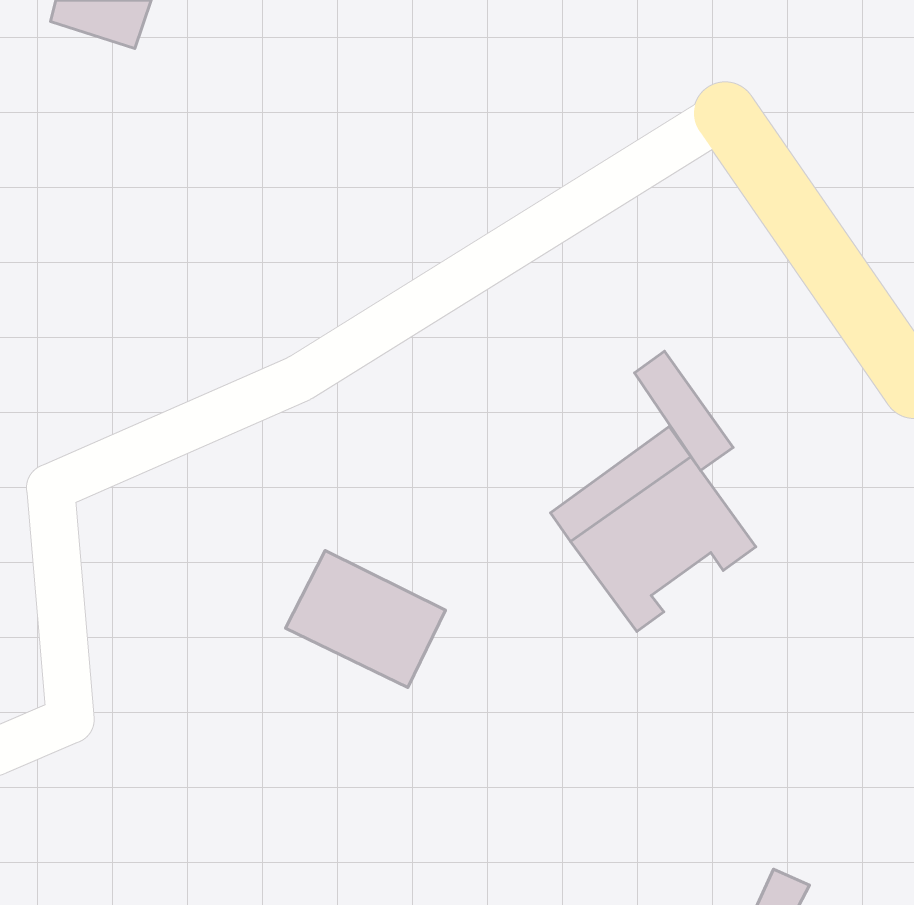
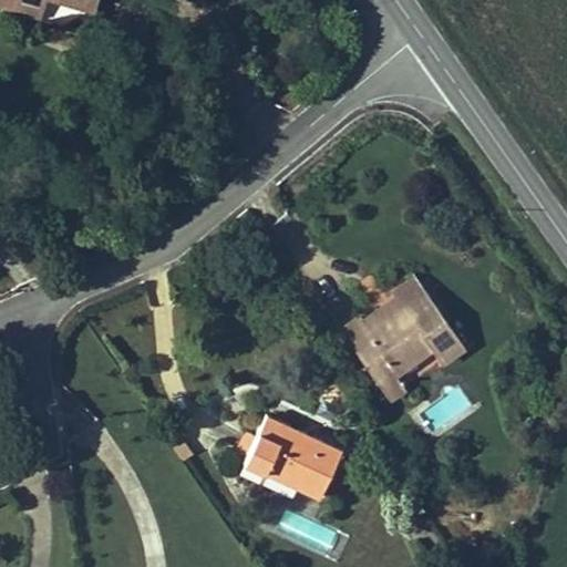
building: [634,351,733,471] -> none
building: [285,551,446,687] -> [245,420,343,504]

